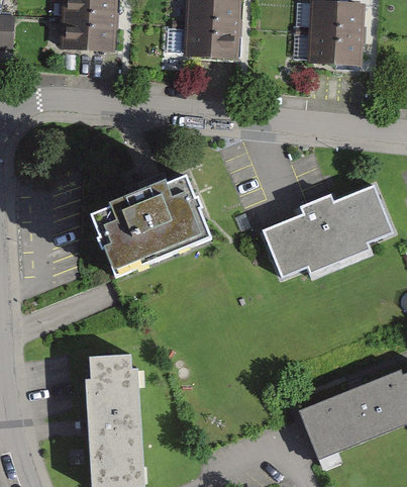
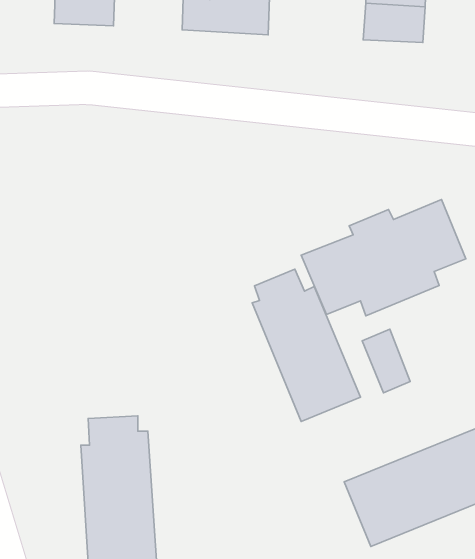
building: [91,183,213,283] -> none
building: none -> [252,269,360,421]
building: none -> [362,329,410,393]

